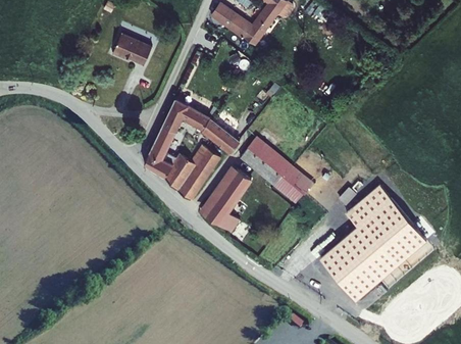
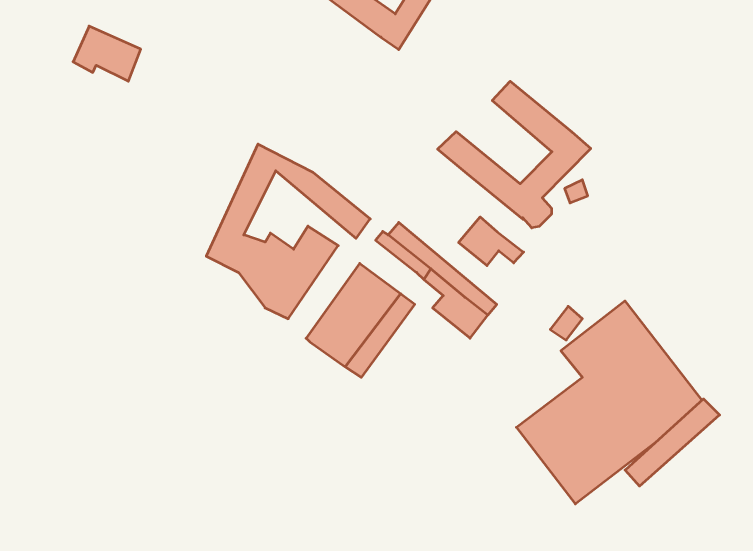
building: [109,32,148,63] -> [73,26,141,81]
building: none -> [438,81,591,228]
building: none -> [459,217,524,266]

